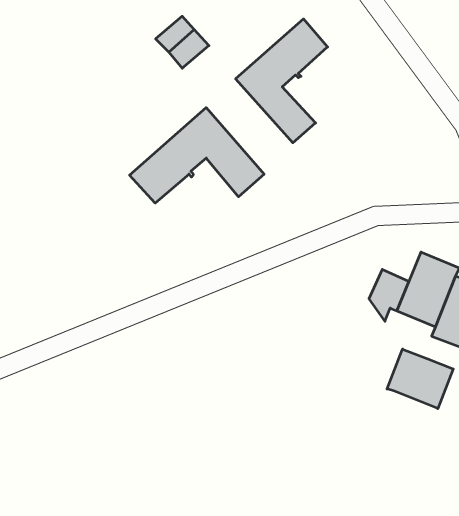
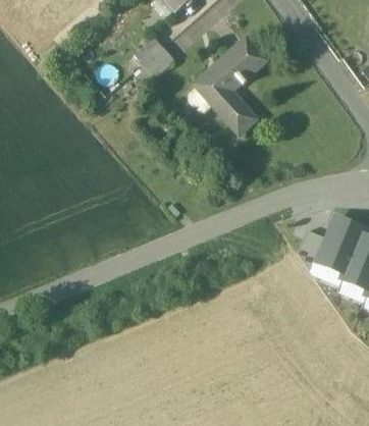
building: [130,108,264,203] -> none
building: [387,349,453,409] -> none

